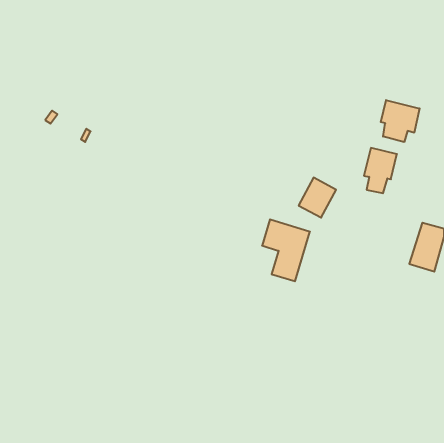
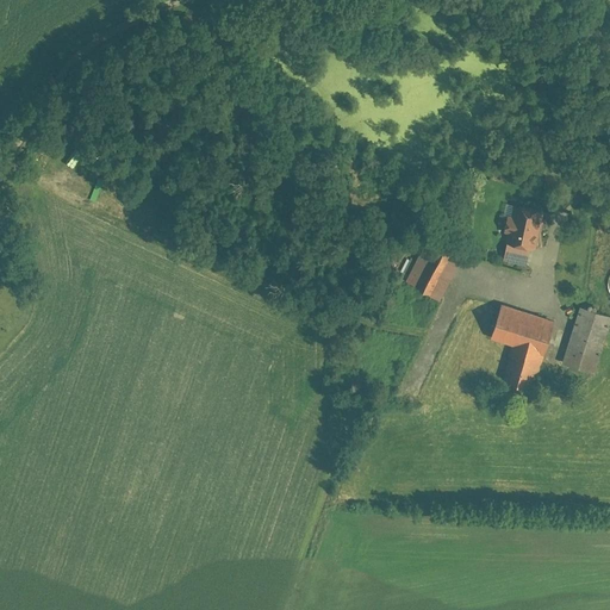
building: [381,100,420,142] -> none
building: [262,219,310,281] -> [488,304,554,388]

